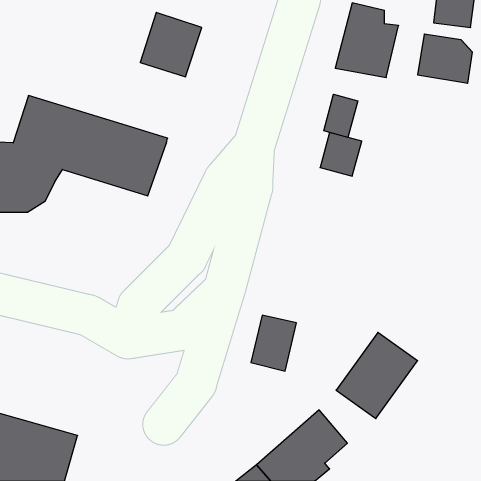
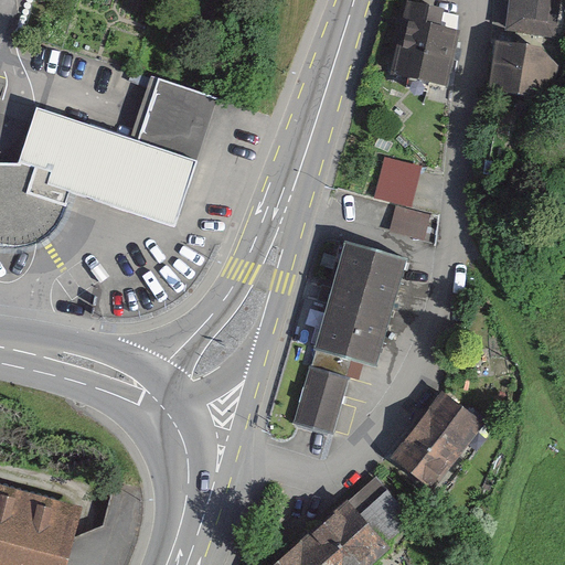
building: [140,12,202,77] -> [142,86,214,161]
building: [324,94,358,137] -> none
building: none -> [388,204,431,238]
building: none -> [313,244,418,372]

